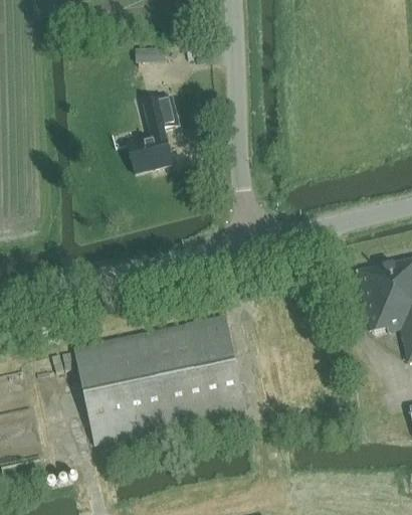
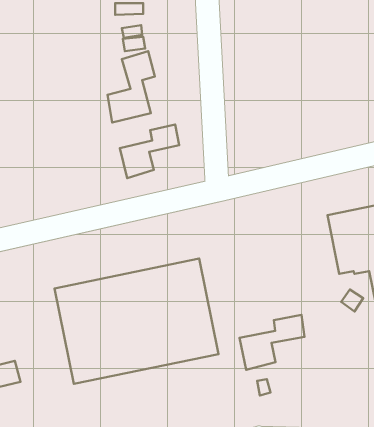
building: none -> [120,124,179,178]
building: none -> [239,315,305,370]

